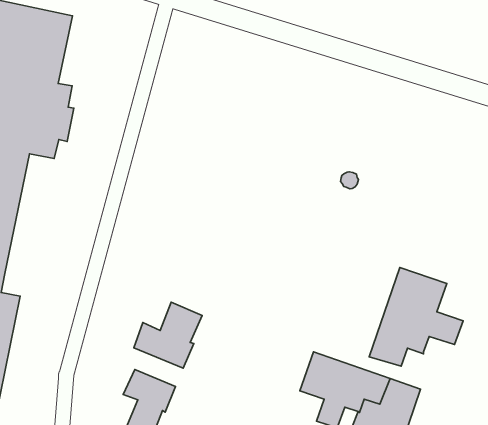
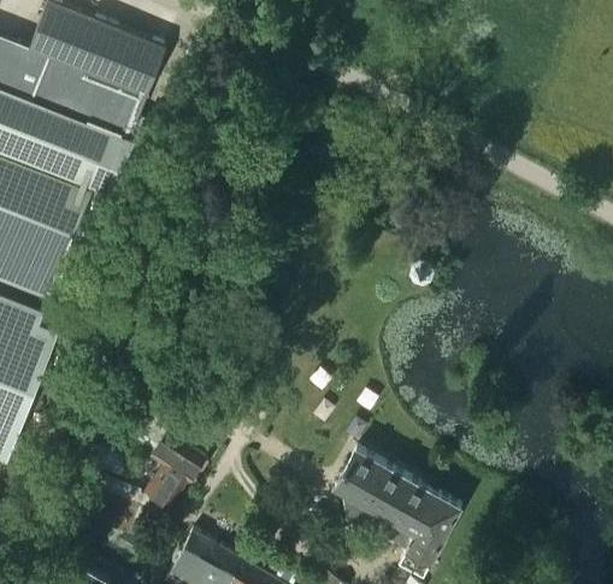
building: [369,268,463,366] -> none
building: [134,302,202,368] -> none

